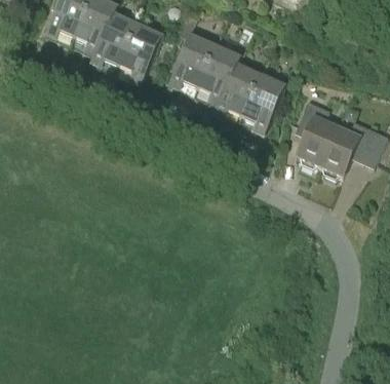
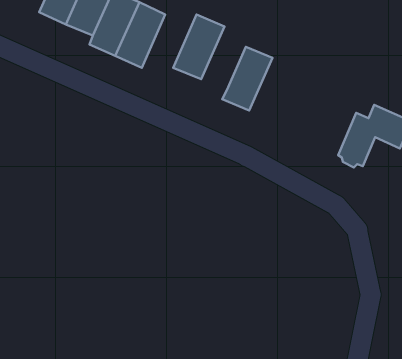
building: [195,44,240,103] -> none
building: [239,73,285,132] -> none
building: [298,97,338,163] -> none

